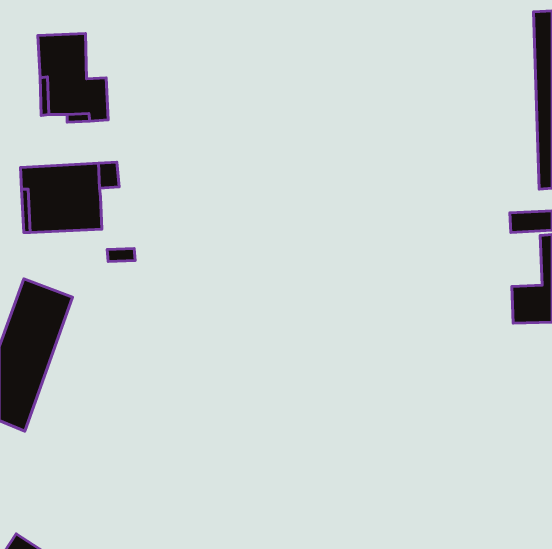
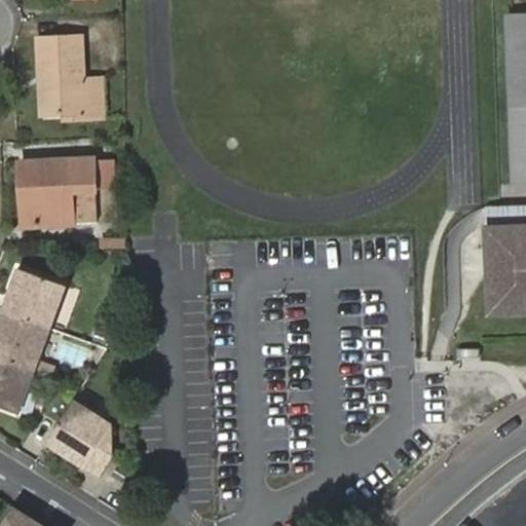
building: none -> [485,227,515,275]
building: none -> [41,400,108,475]

